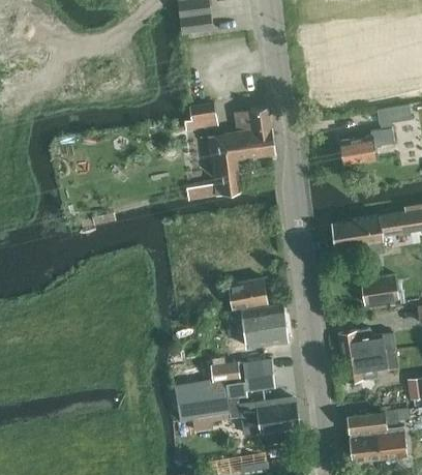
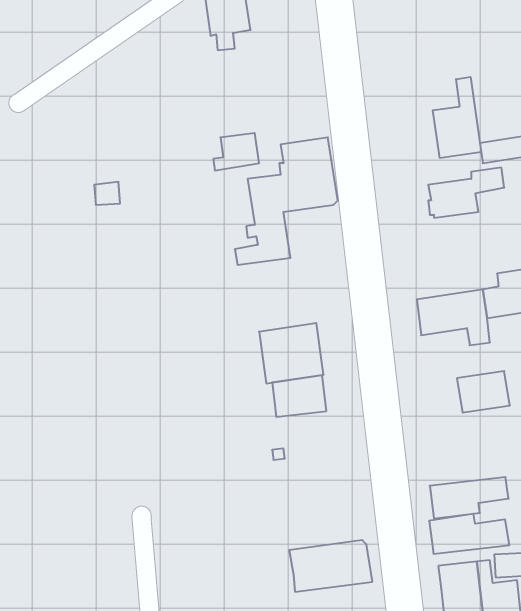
building: none -> [433,77,481,158]
building: [241,304,288,348] -> [259,323,324,383]
building: [337,329,395,358] -> [429,514,509,554]
building: [175,359,275,420] -> none

